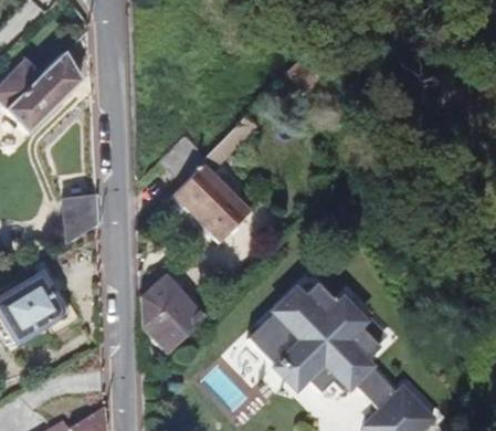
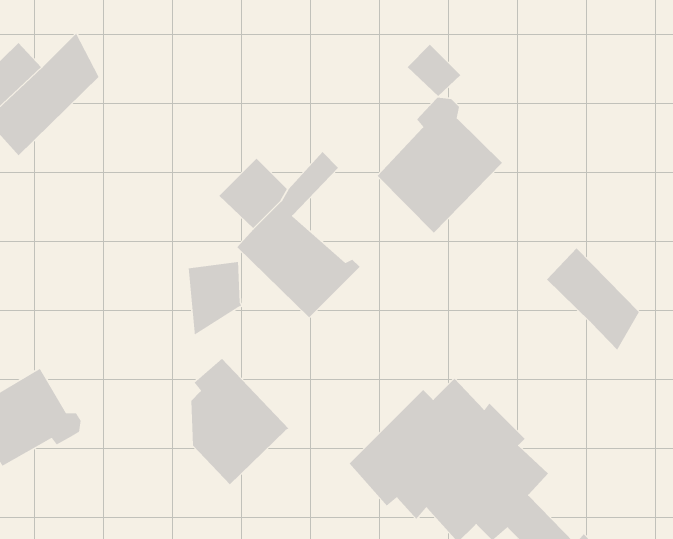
building: none -> [377,97,503,233]
building: [64,192,101,242] -> [188,261,242,336]
building: none -> [546,248,640,351]

